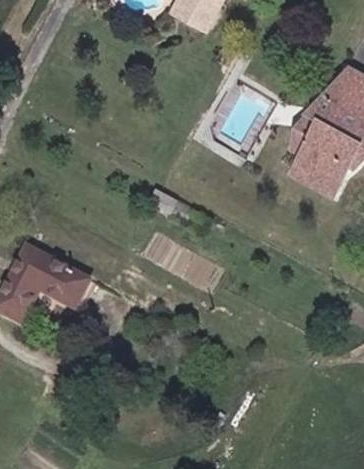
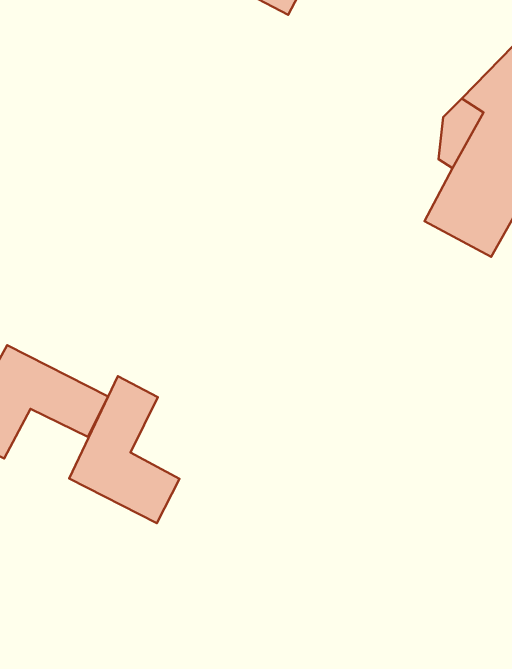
building: none -> [69,376,179,523]

